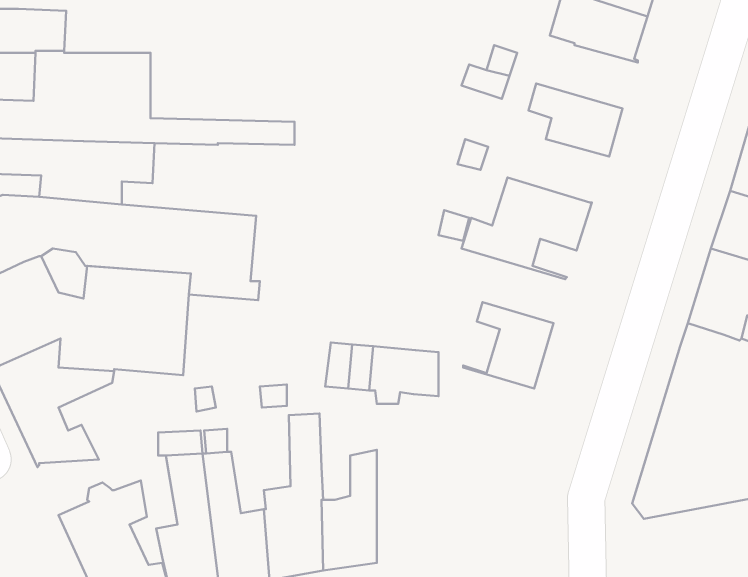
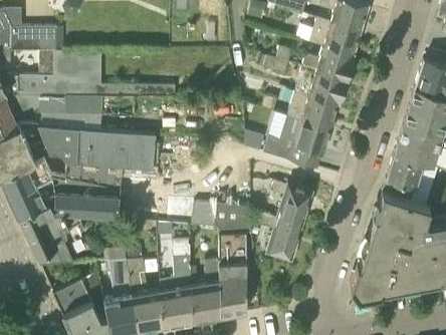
building: none -> [302,46,356,79]
building: none -> [287,91,341,128]
building: none -> [261,215,301,259]
building: none -> [219,234,246,317]

